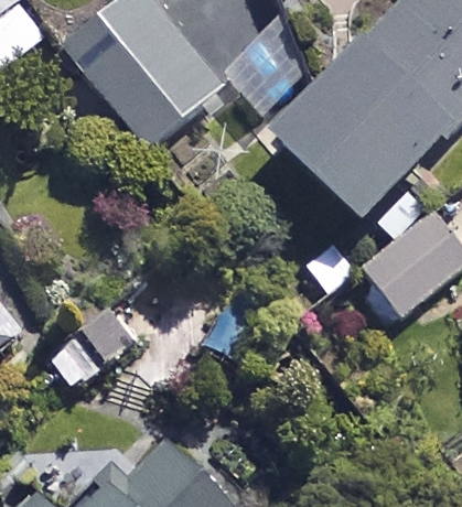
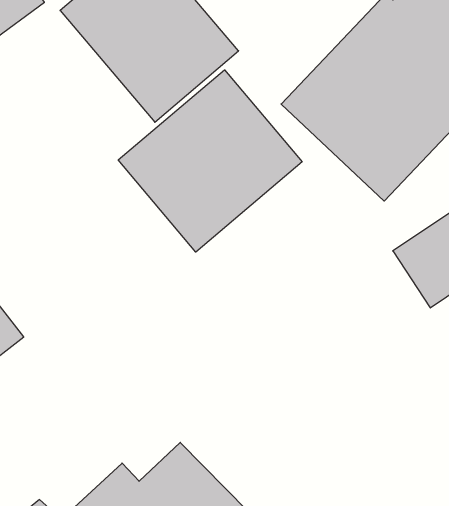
building: none -> [118,70,302,252]

